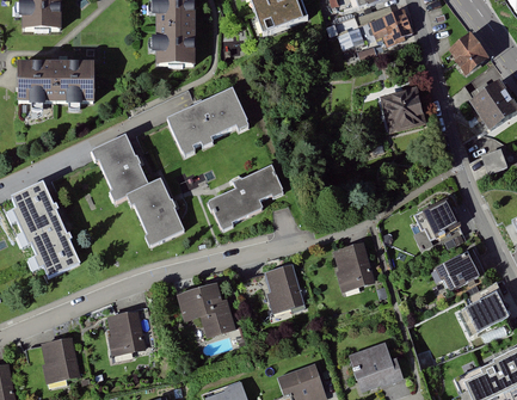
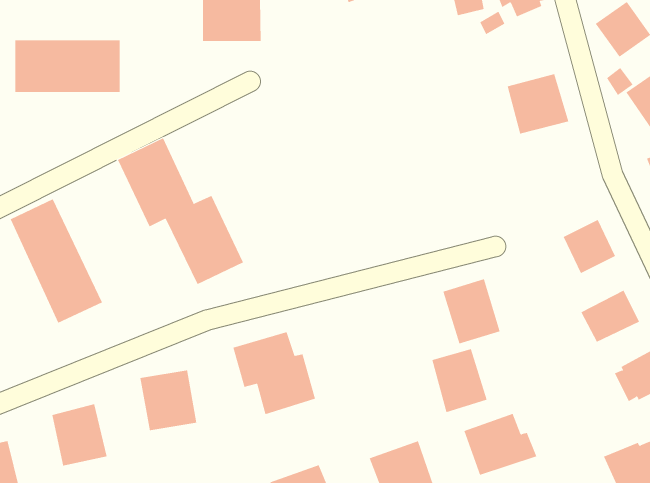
building: [167,88,248,155] -> none
building: [209,164,287,228] -> none
building: [265,261,307,309] -> [432,349,488,413]

